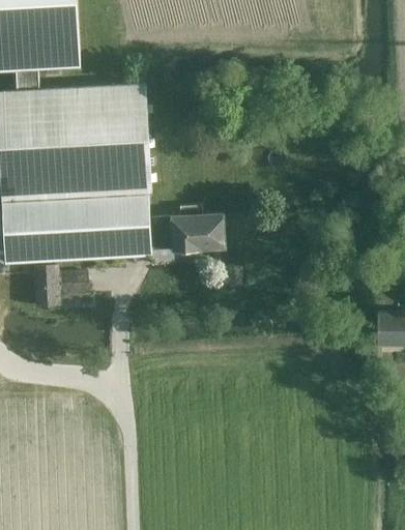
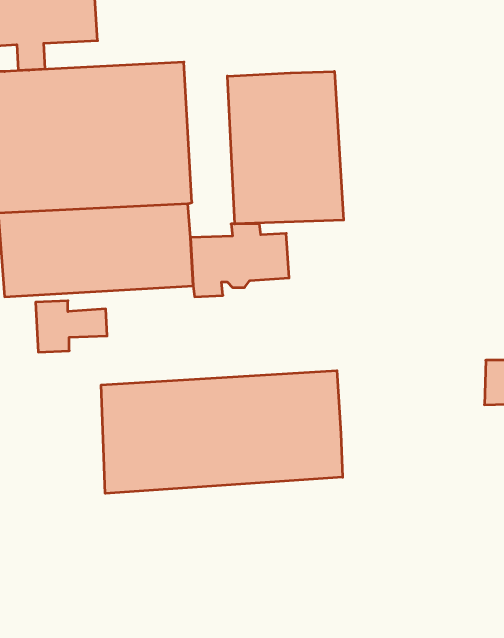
building: none -> [227,71,344,224]
building: none -> [101,371,343,493]

